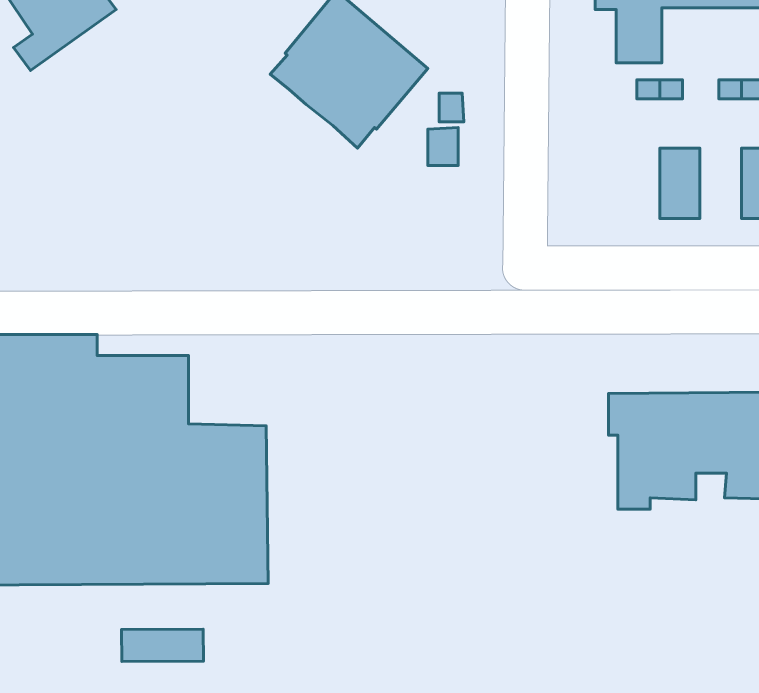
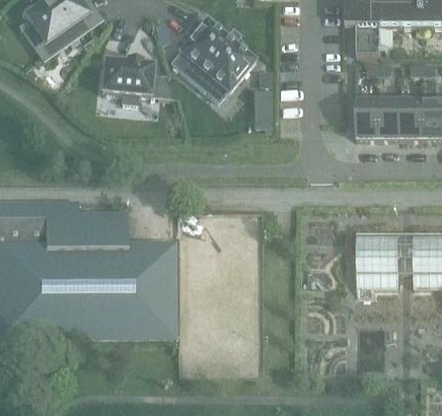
building: none -> [101,60,173,103]
building: none -> [356,100,379,138]
building: none -> [400,100,423,138]
building: [122,629,203,662] -> none

